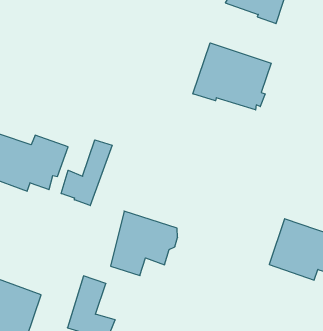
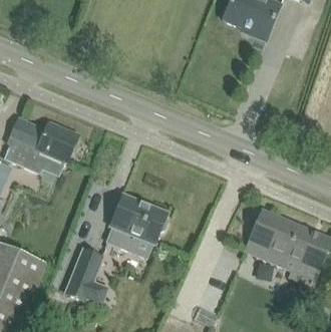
building: [193,43,271,110] -> none
building: [61,140,112,206] -> none

